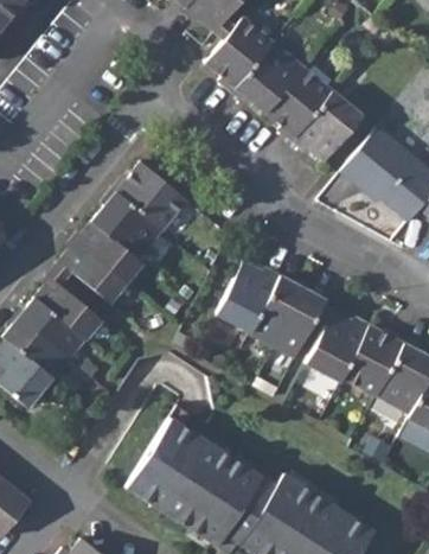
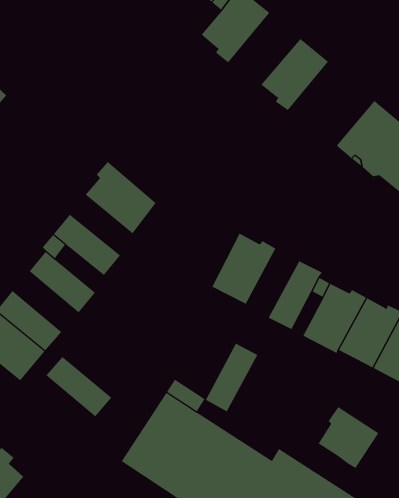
building: [233,43,305,114] -> none
building: [293,91,364,163] -> none
building: [114,163,188,231] -> none
building: [76,223,142,284] -> none
building: [251,276,303,345] -> [206,343,258,412]
building: [19,299,85,359] -> [45,356,112,417]
building: none -> [318,406,379,469]

